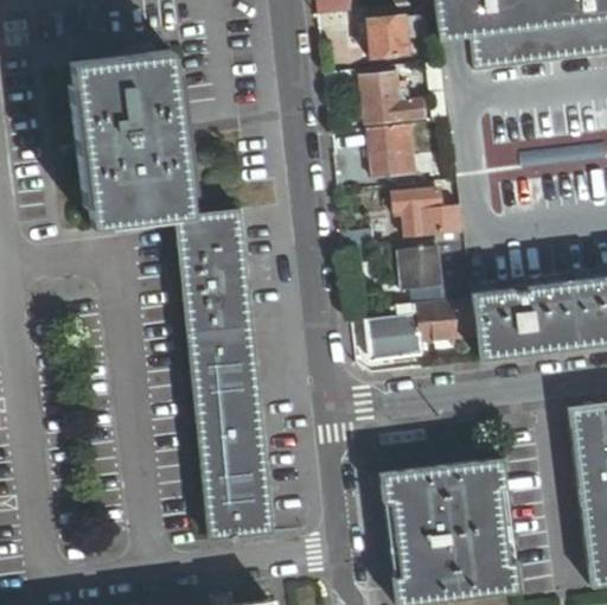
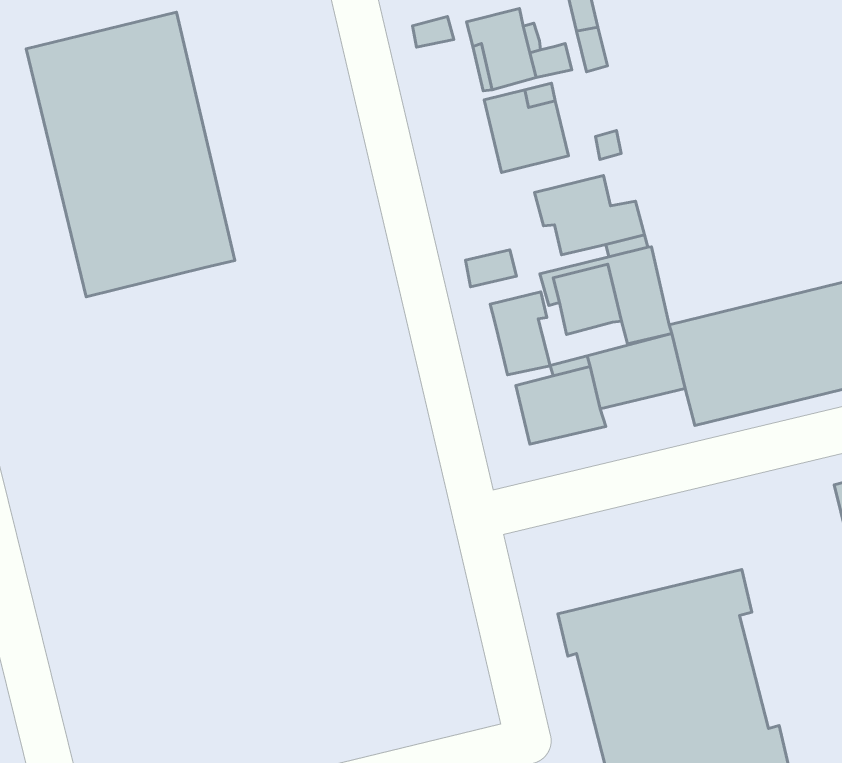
building: [171,210,276,541] -> none
building: none -> [490,292,550,375]

